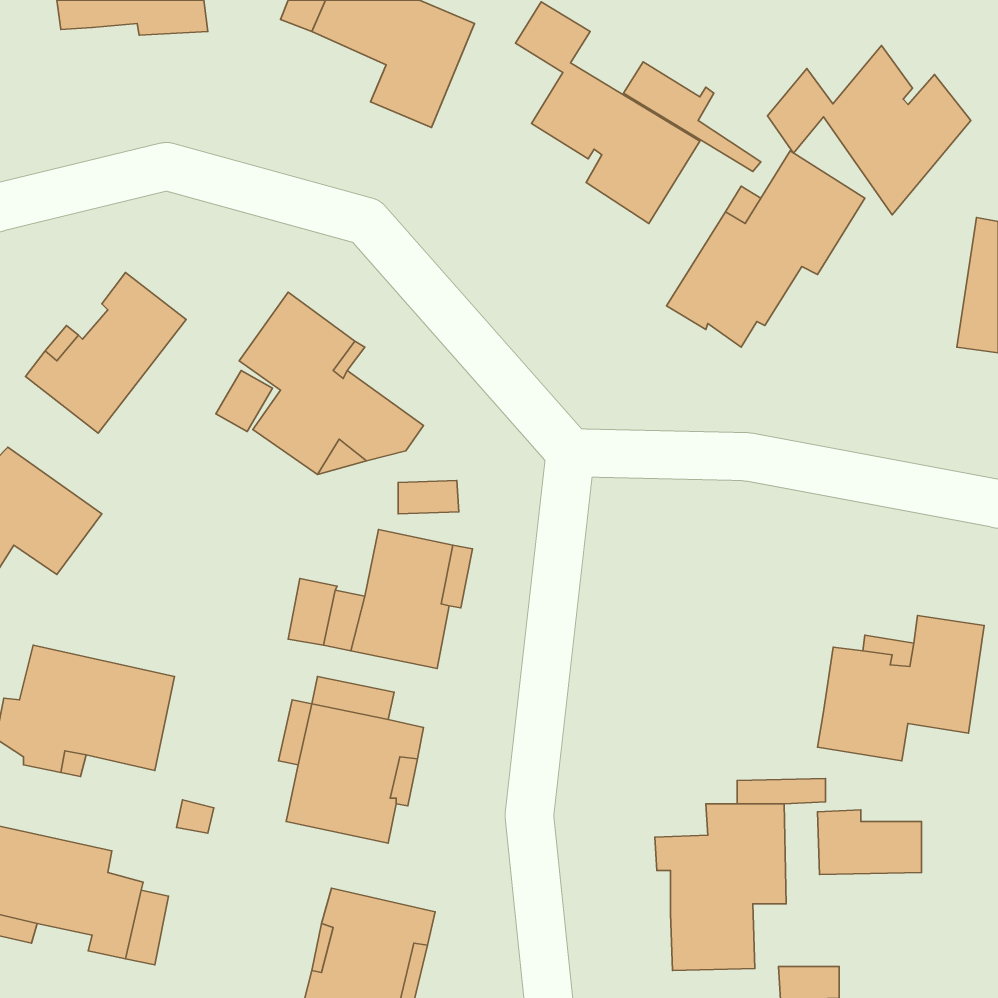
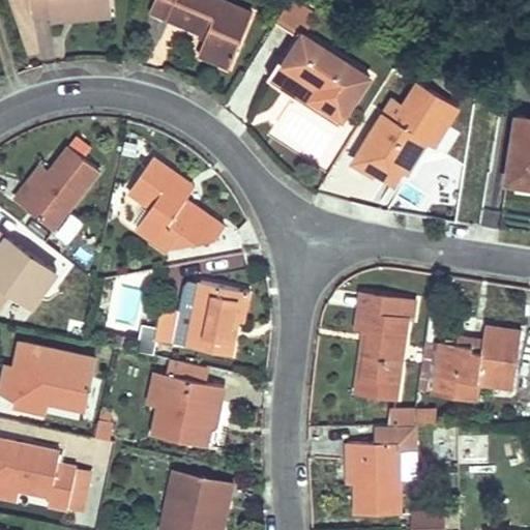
building: [768,46,971,215] -> none
building: [624,62,761,171] -> [270,67,343,125]
building: none -> [357,295,407,401]

